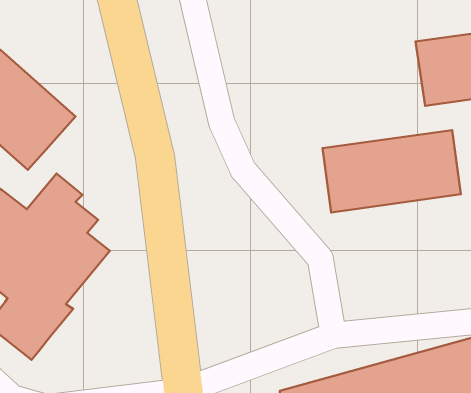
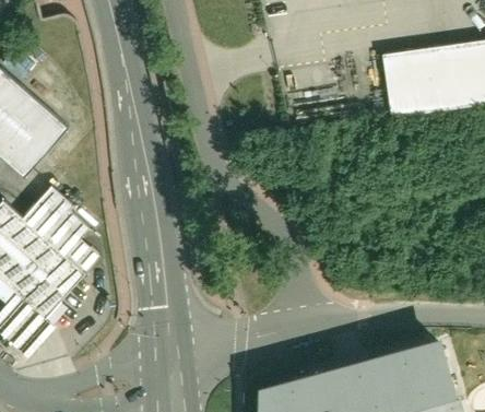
building: [323,130,461,212] -> none

